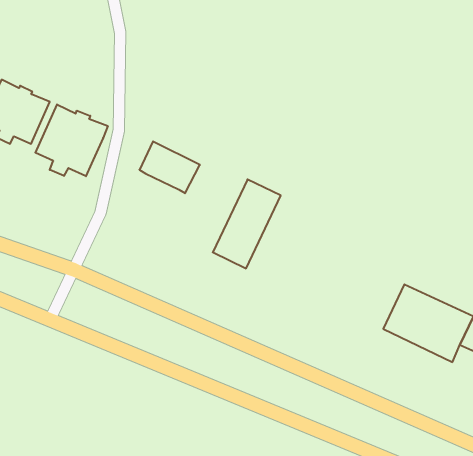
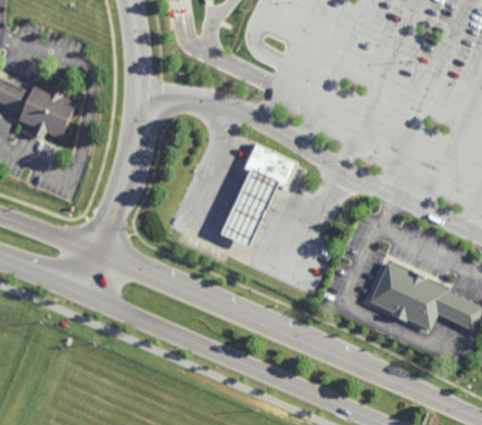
building: [35,104,108,176] -> none
building: [139,141,200,193] -> [244,141,297,187]

